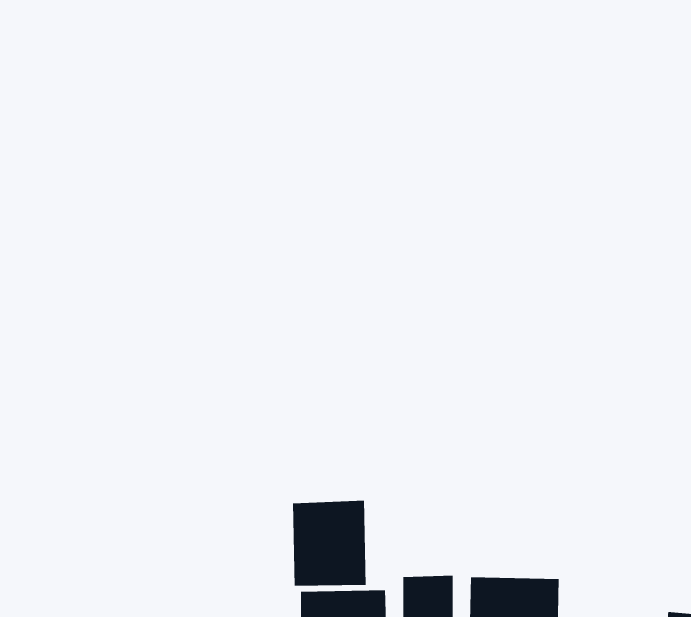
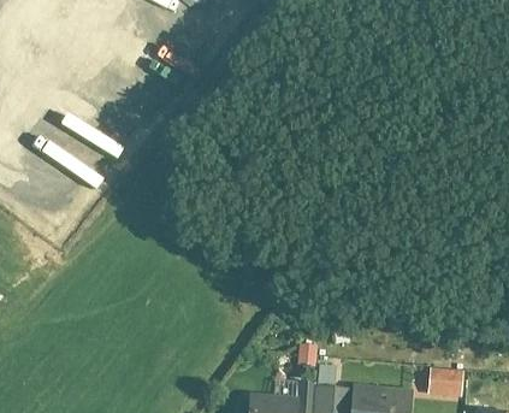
building: [293,500,366,587] -> none
building: none -> [426,370,463,396]

